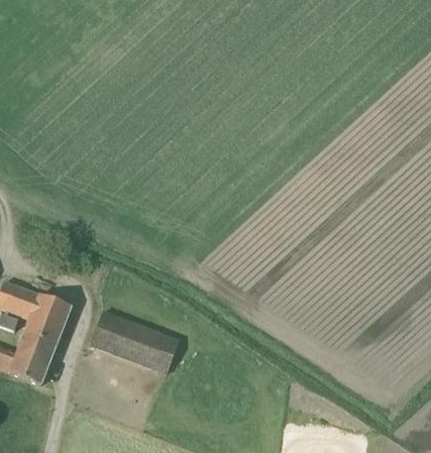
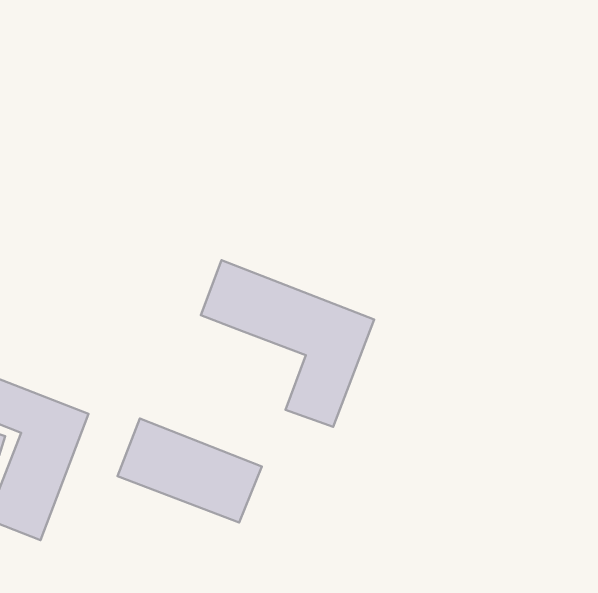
building: none -> [201,260,374,427]

